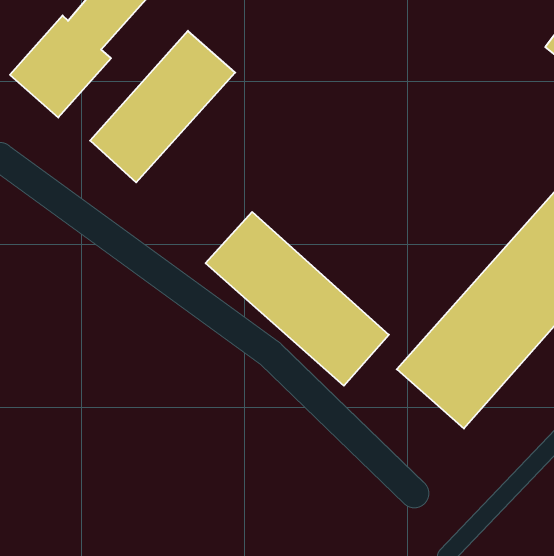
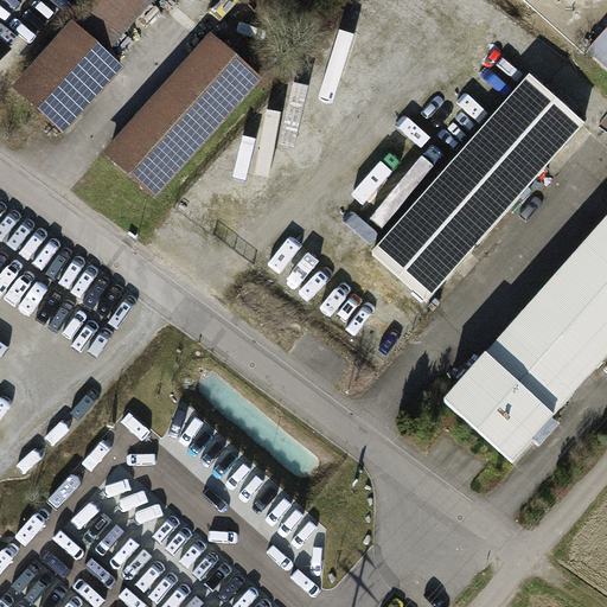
building: none -> [370,70,588,301]
building: [206,212,389,386] -> none

